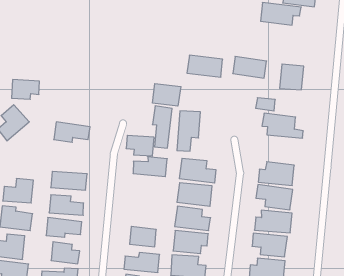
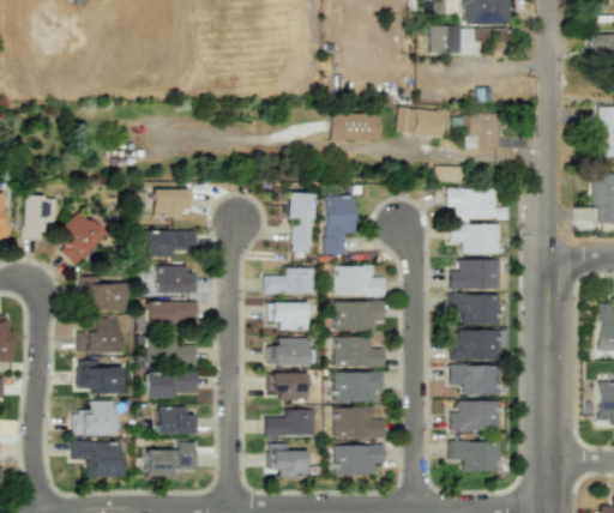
building: [12,80,39,99] -> [152,189,193,218]
building: [153,84,181,106] -> none
building: [126,135,154,156] -> [267,302,307,331]
building: none -> [450,223,501,254]
building: none -> [156,266,198,294]
building: none -> [82,277,127,310]
building: none -> [267,338,309,367]

